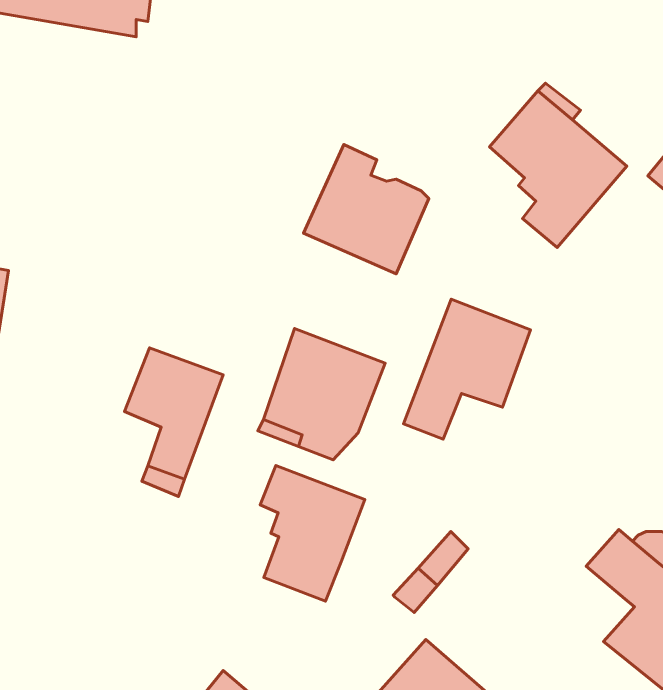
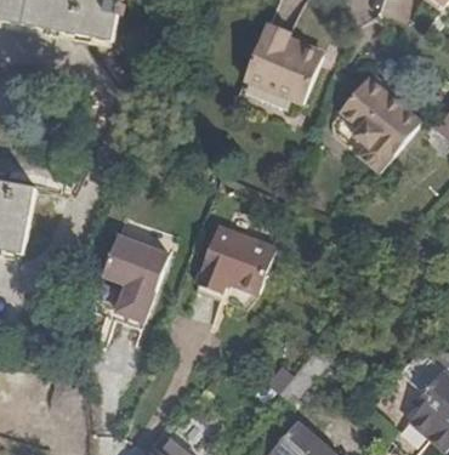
building: [303,144,429,274] -> [241,22,320,103]
building: [404,299,531,439] -> none
building: [260,466,365,601] -> none

